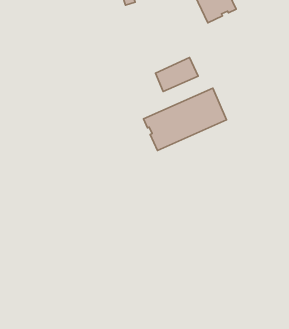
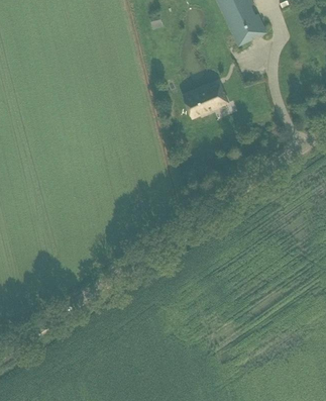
building: [144,88,227,151] -> none

